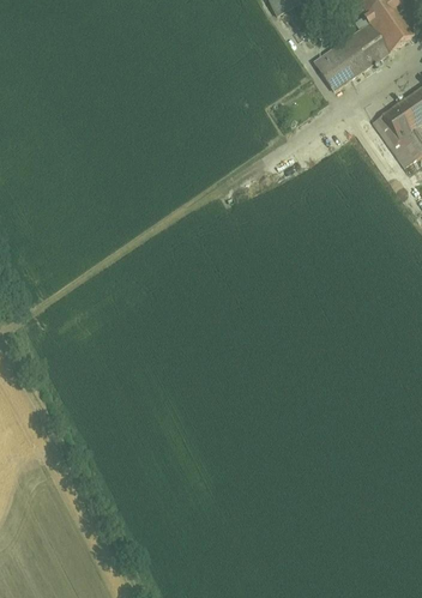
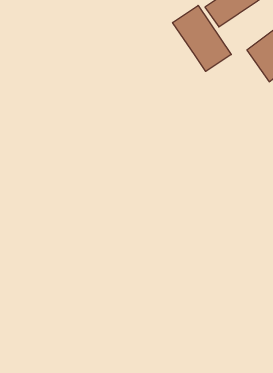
building: none -> [173,5,231,71]

